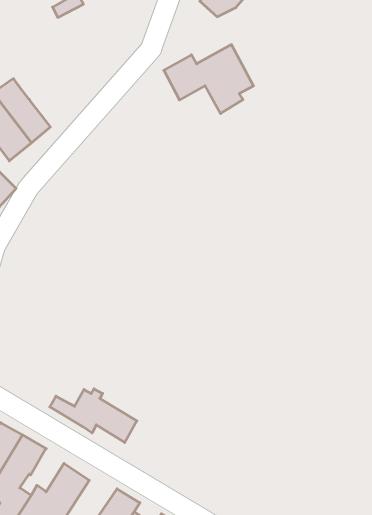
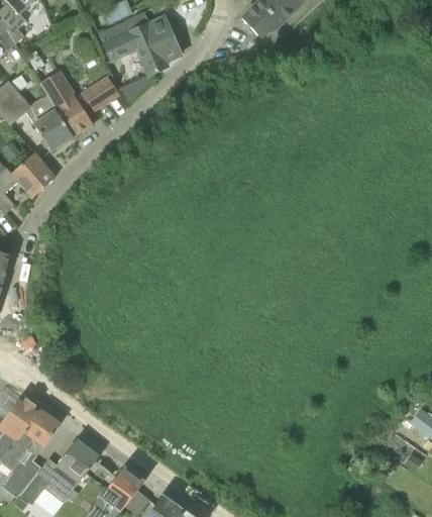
building: [164,45,254,114] -> [98,14,181,78]
building: none -> [84,77,119,110]
building: [50,389,137,443] -> none

